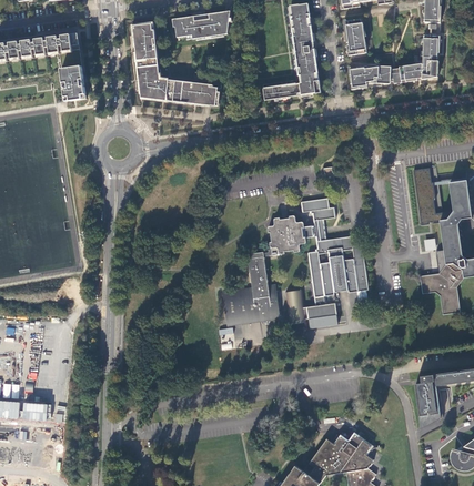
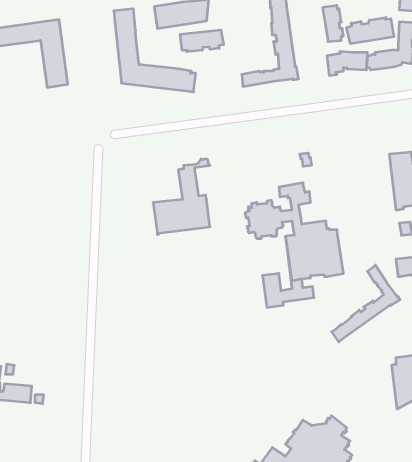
building: none -> [347,17,394,44]
building: none -> [180,30,224,52]
building: [221,247,279,324] -> [153,159,210,234]
building: none -> [332,265,400,342]

